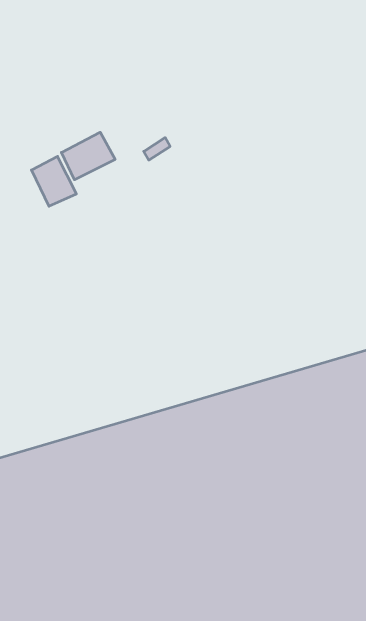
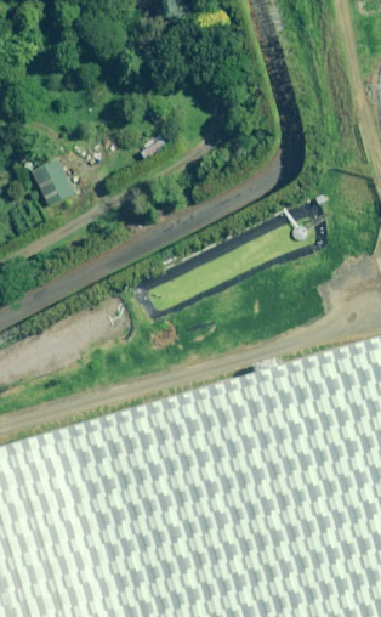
building: [61,132,115,180] -> none

